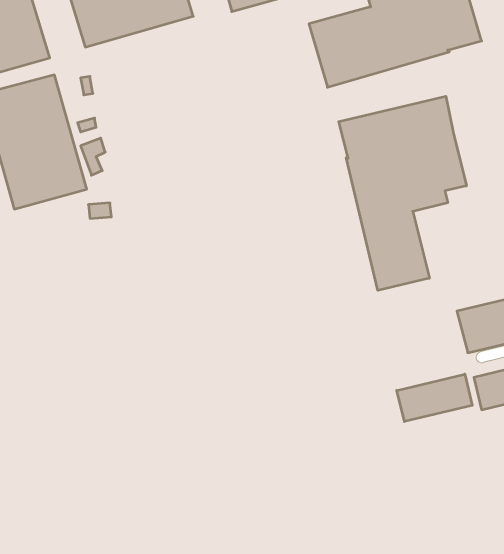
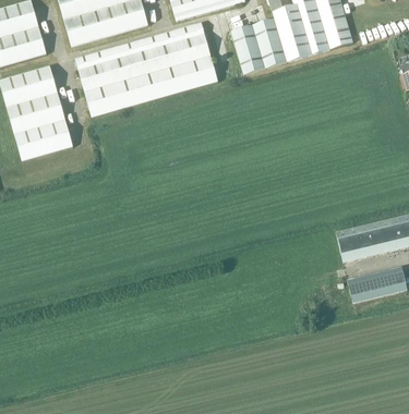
building: none -> [75,22,218,118]
building: [339,96,466,290] -> none
building: [397,374,472,422] -> none

